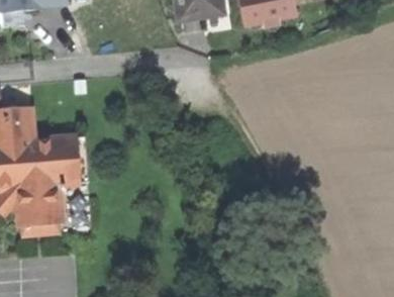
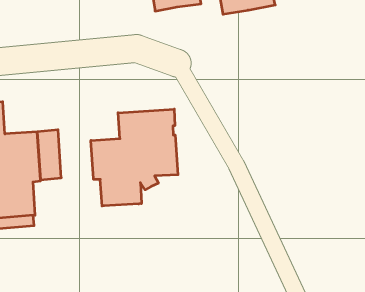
building: none -> [91,109,178,206]

